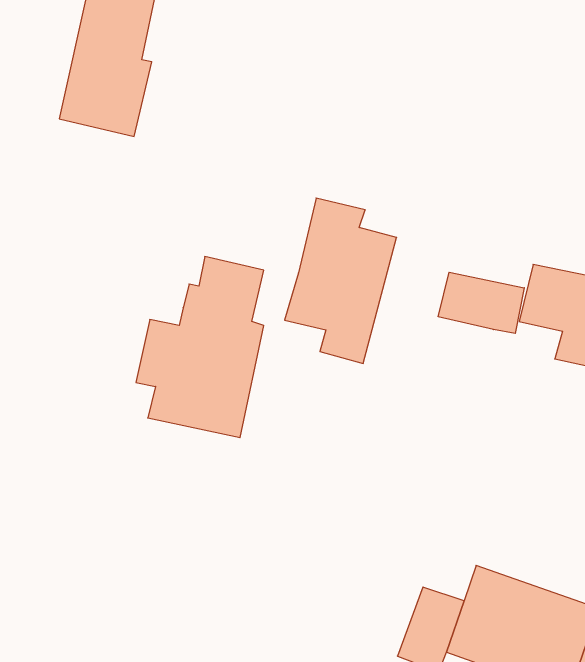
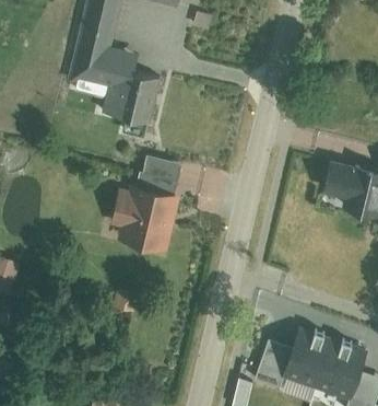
building: [285,198,397,363] -> [101,46,163,138]
building: [438,272,524,333] -> none

